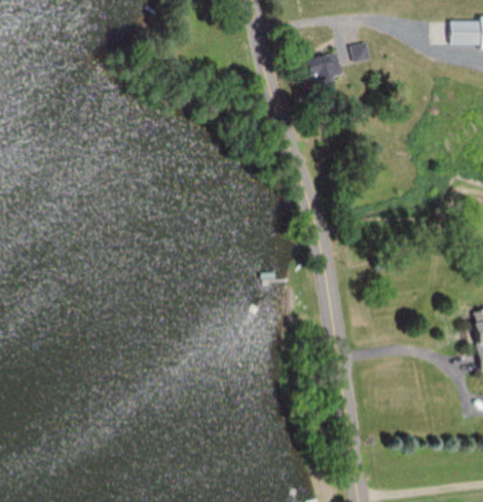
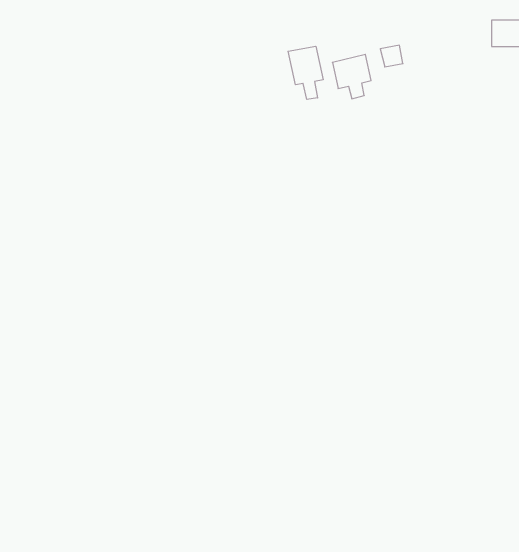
building: none -> [288,46,323,99]

